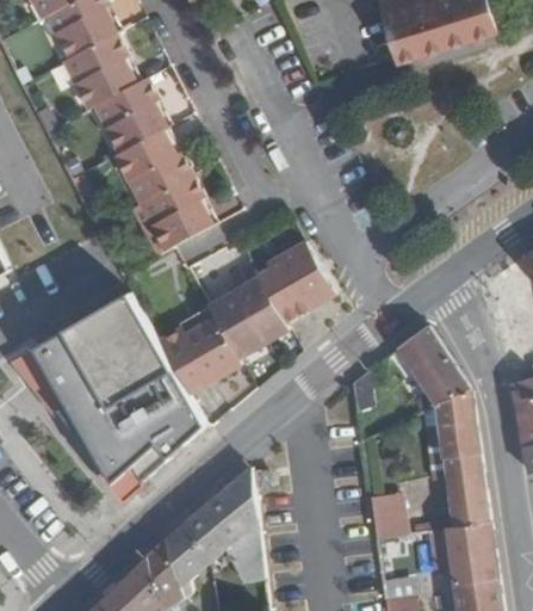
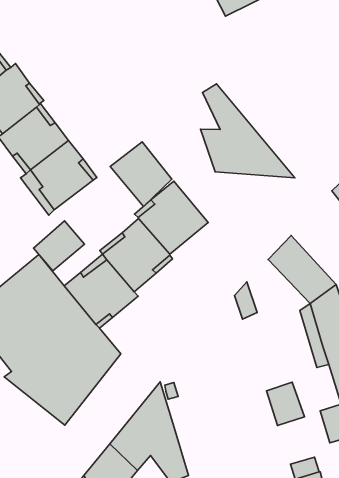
building: none -> [200,84,295,178]
building: none -> [110,142,172,206]
building: none -> [33,221,85,271]

